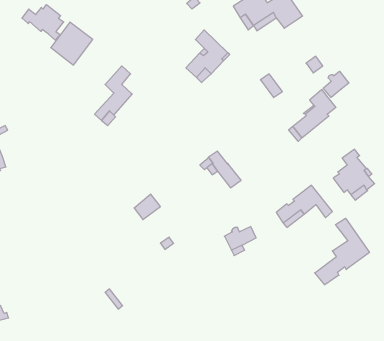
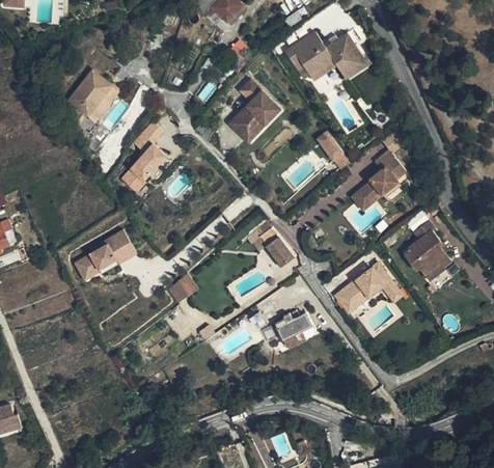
building: [22,5,64,40] -> none
building: [323,71,349,97] -> none
building: none -> [72,233,136,281]
building: [315,218,369,285] -> none

